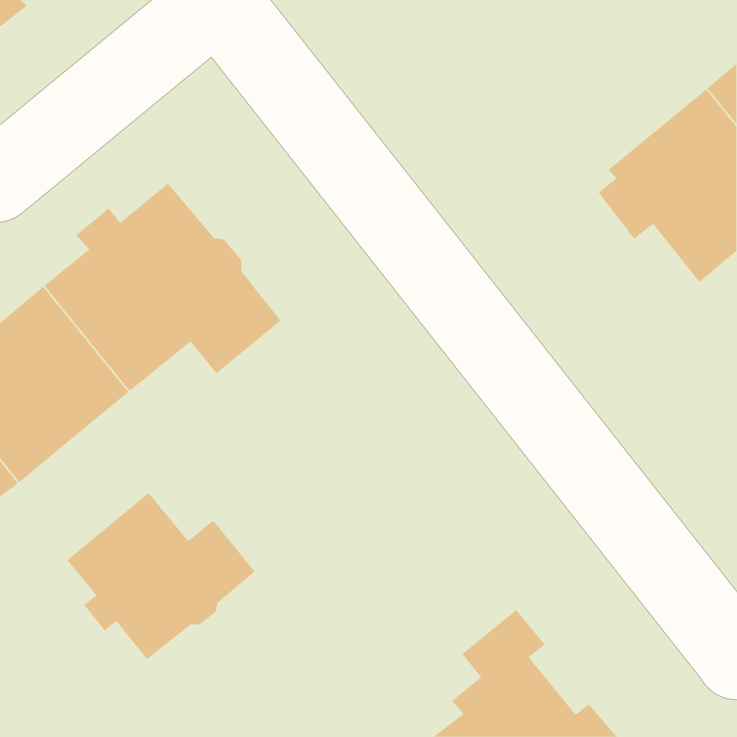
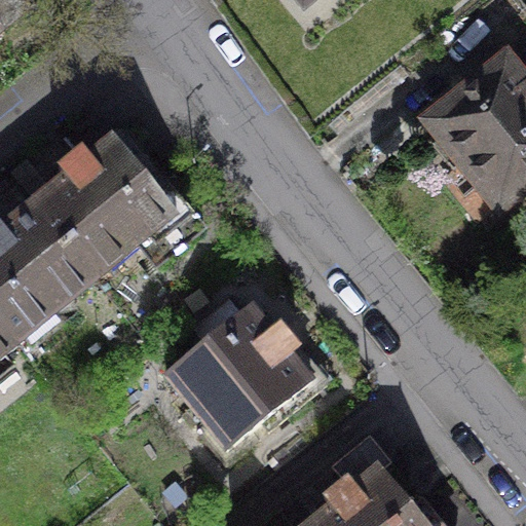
building: none -> [161,305,325,449]
building: [66,492,256,660] -> none

